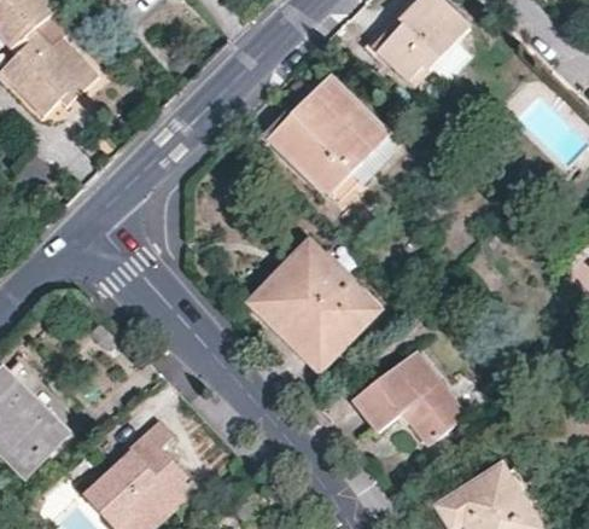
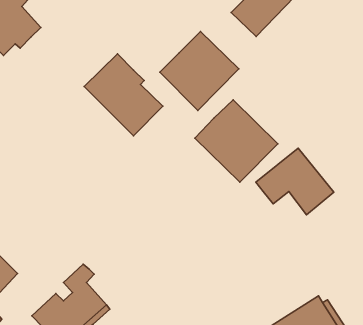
building: none -> [84,54,163,136]
building: [252,246,373,366] -> [195,100,278,182]
building: [352,349,466,446] -> [256,148,334,215]

